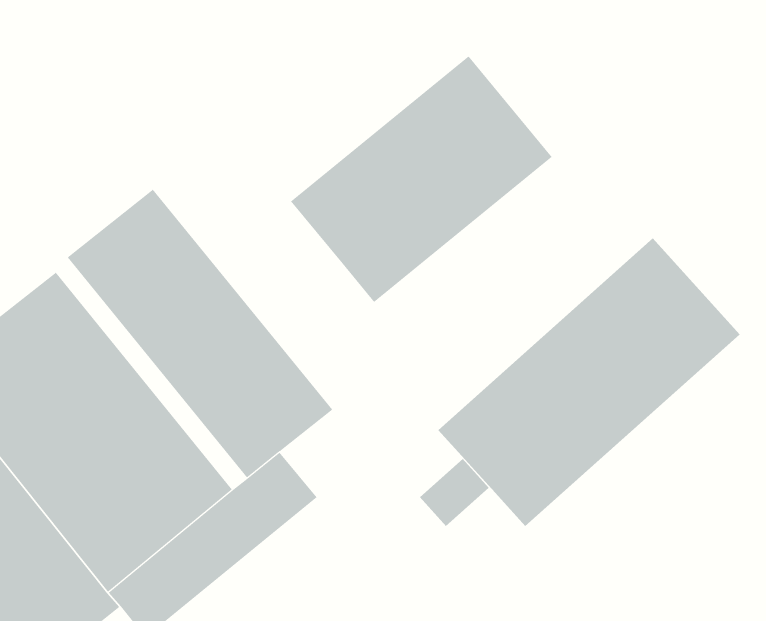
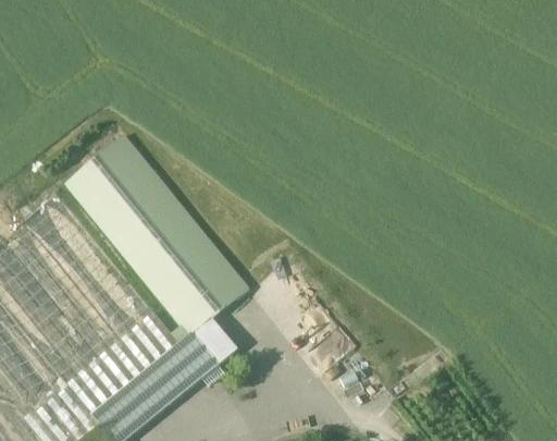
building: [290,56,552,303] -> none
building: [437,238,741,527] -> none

